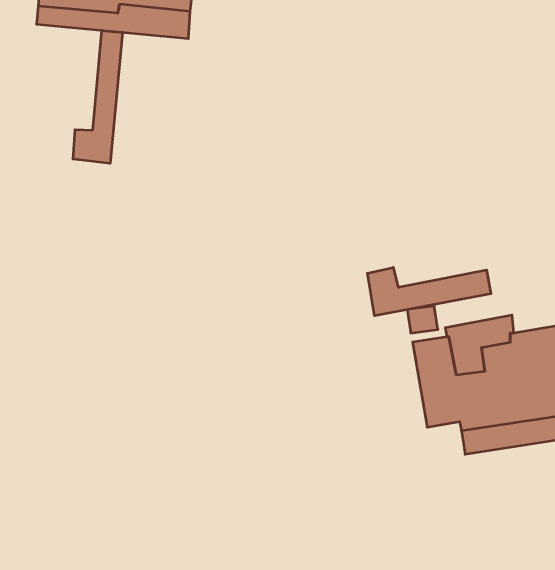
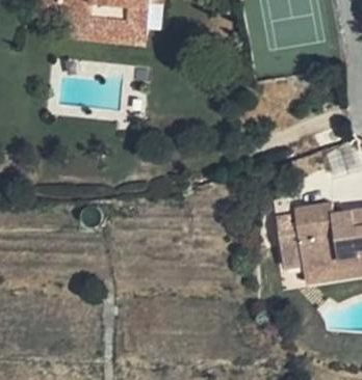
building: [73,30,123,163] -> none
building: [367,267,491,316] -> none

